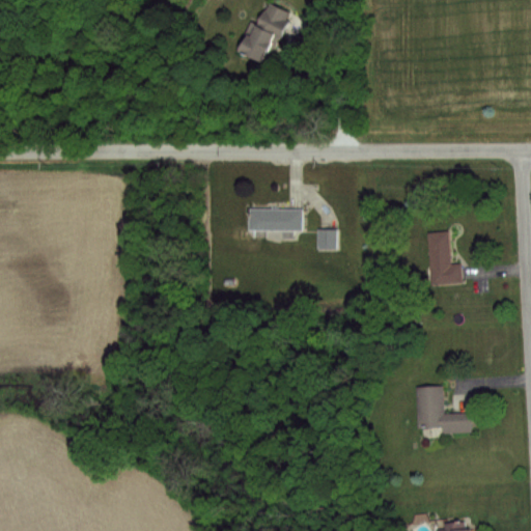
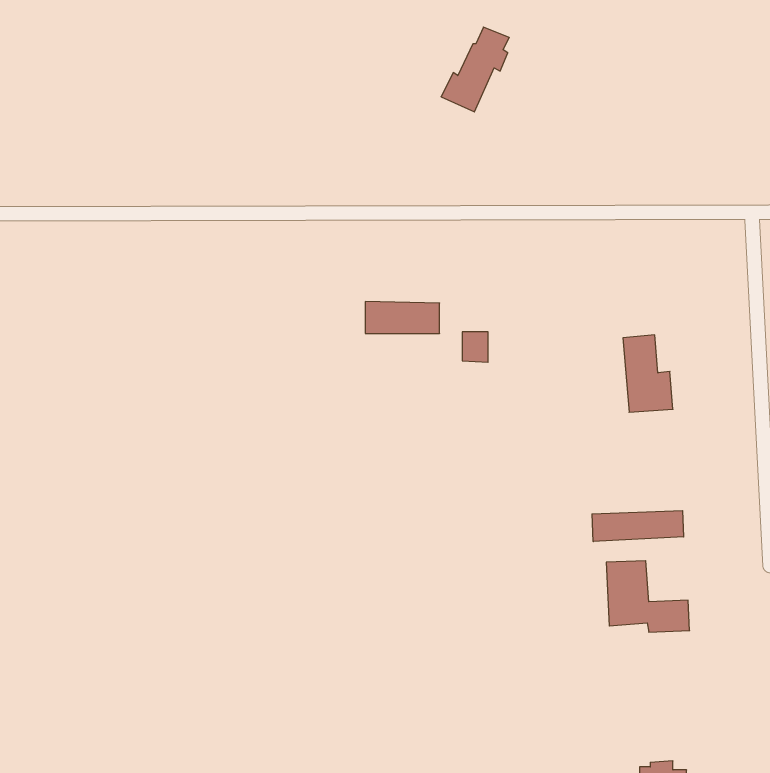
building: [241,5,287,63] -> [441,27,509,112]
building: none -> [592,511,684,542]

